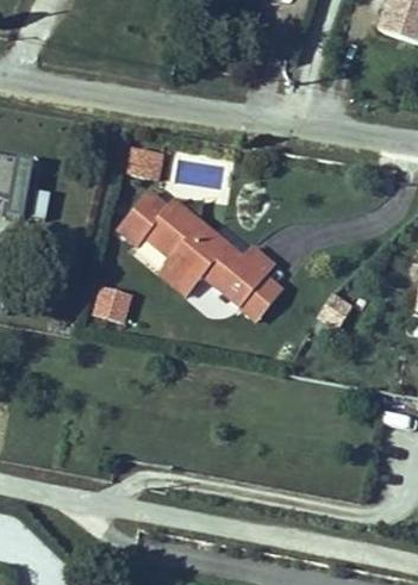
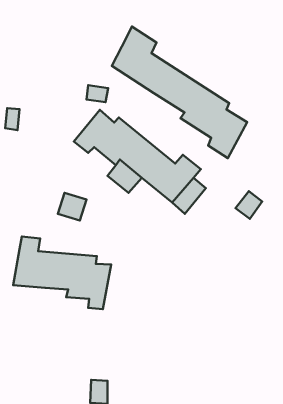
building: none -> [112,26,247,158]
building: none -> [13,237,111,309]

